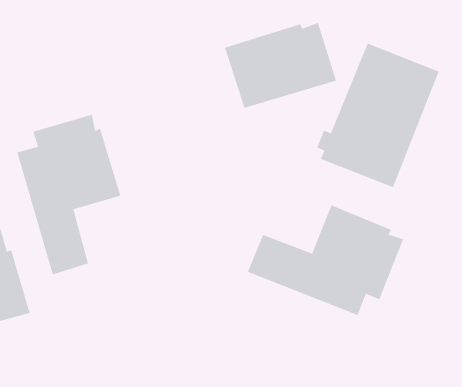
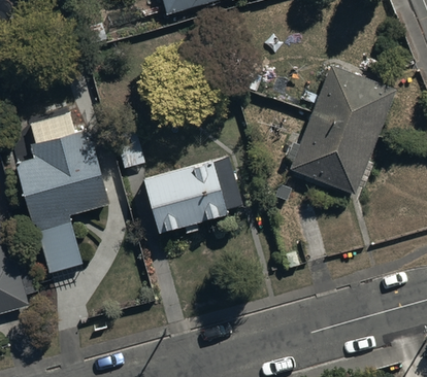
building: [224,22,337,108] -> [143,155,244,232]
building: [247,204,404,316] -> none

